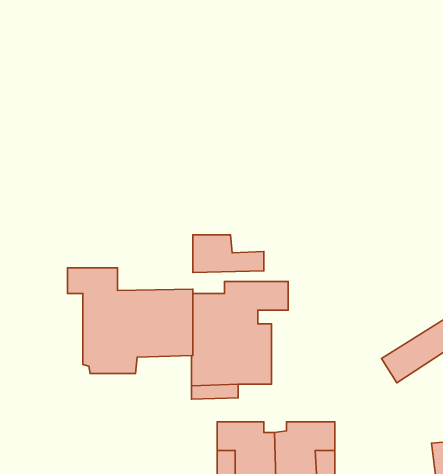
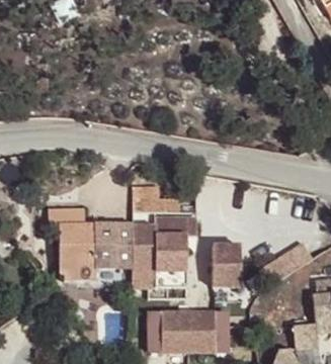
building: none -> [211,244,240,286]

